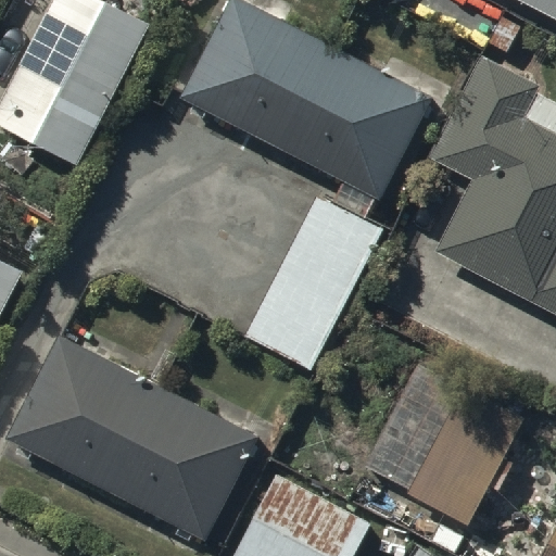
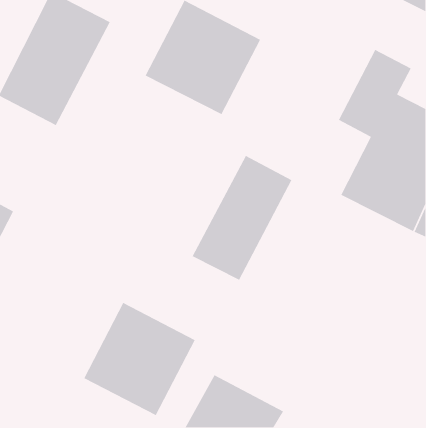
building: [287,51,432,198] -> none
building: [8,339,159,489] -> none
building: [365,367,518,521] -> none

